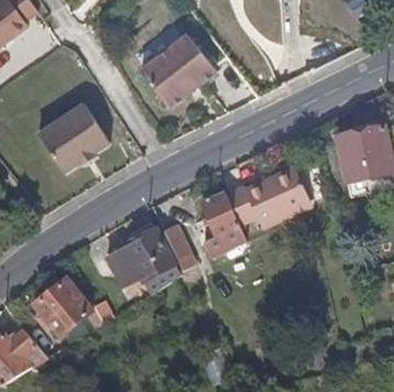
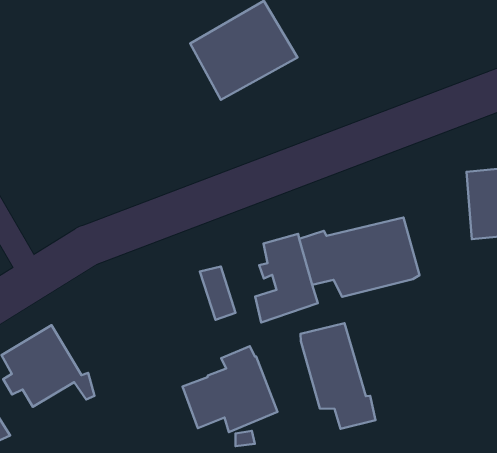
building: [36,100,107,170] -> none
building: [111,220,178,281] -> [183,346,278,432]
building: none -> [300,323,376,429]

